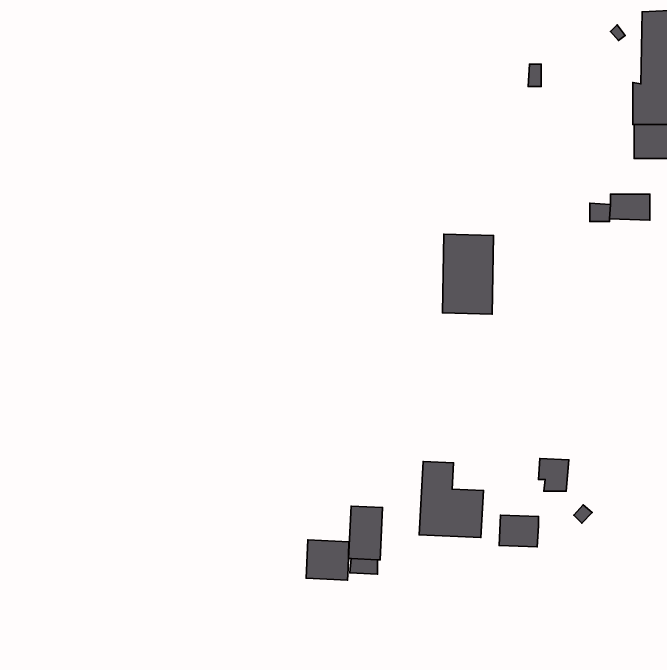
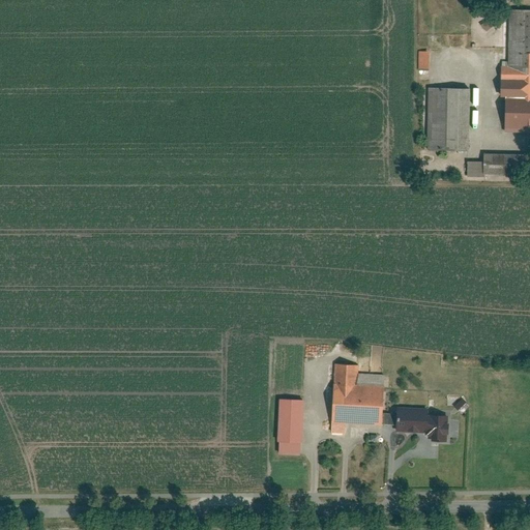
building: [442,234,493,314] -> [428,87,468,150]
building: [539,459,569,491] -> [426,415,450,441]
building: [306,540,349,580] -> none

